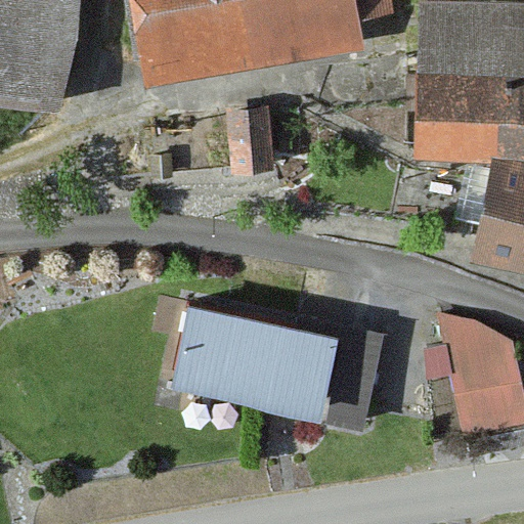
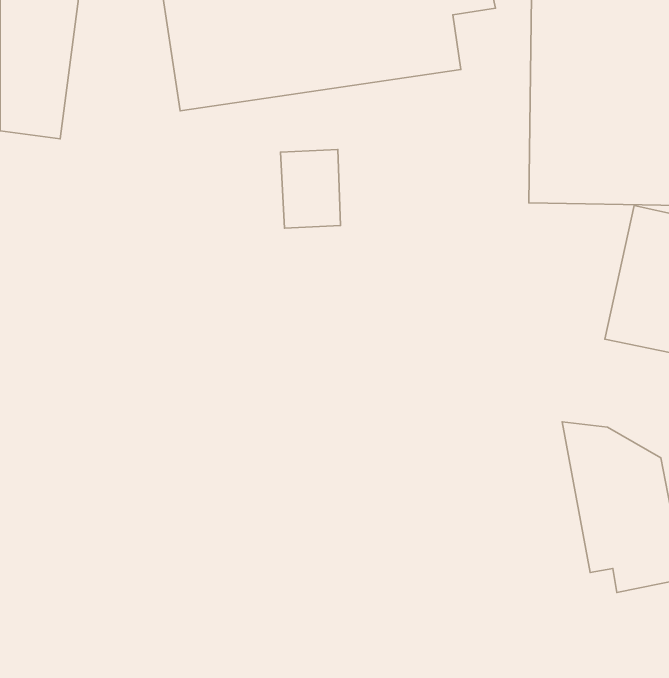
building: [167,305,386,433] -> none

